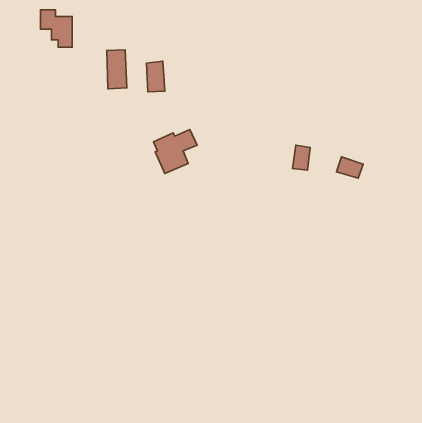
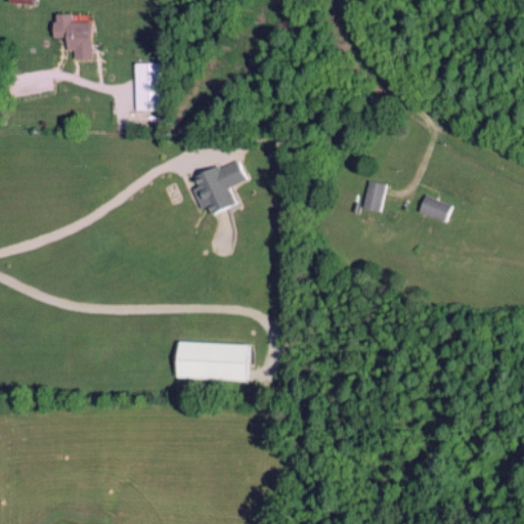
building: [146,61,165,92] -> none
building: none -> [174,342,251,381]

